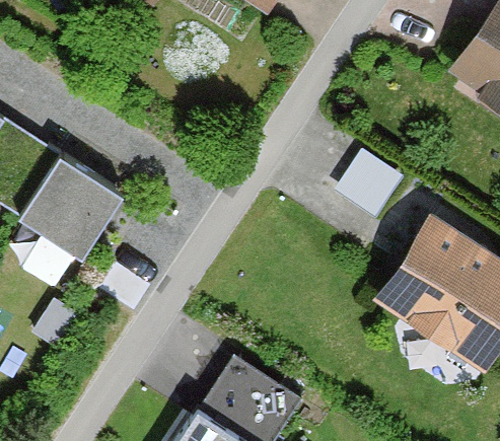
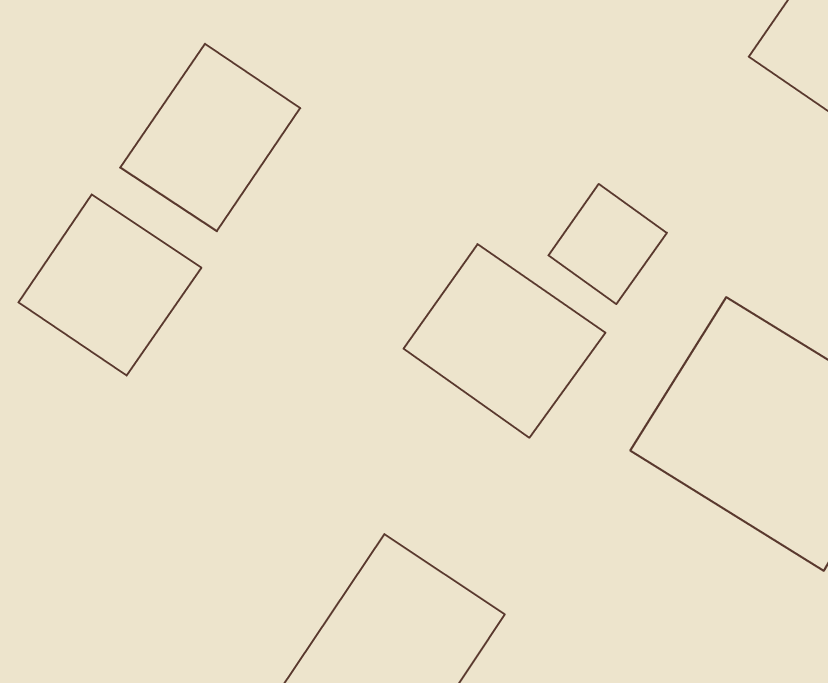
building: none -> [120,44,300,231]
building: none -> [404,244,605,438]

